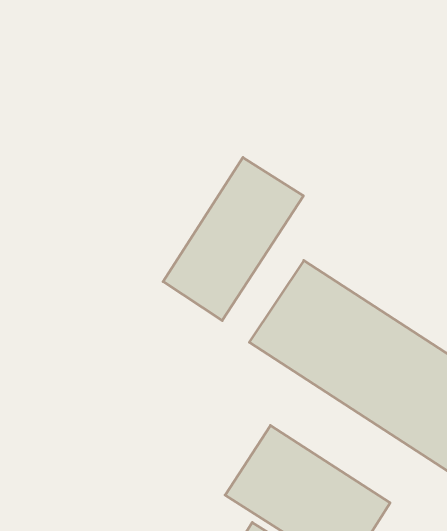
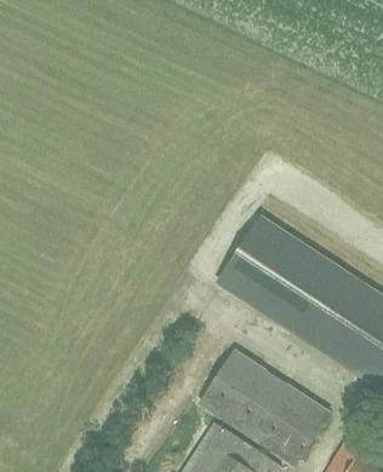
building: [163,157,303,321] -> none

